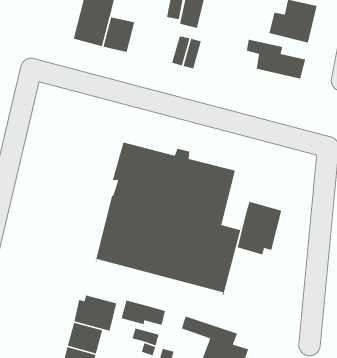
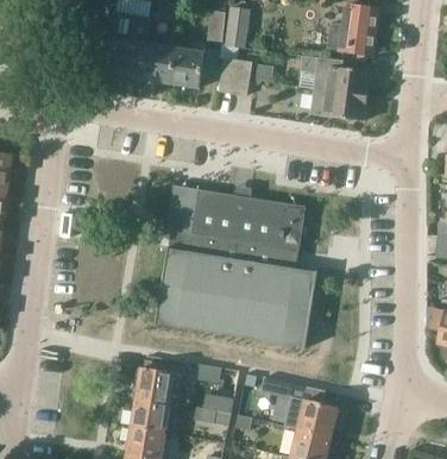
building: none -> [168,43,204,89]
building: none -> [311,89,367,121]
building: [237,201,282,255] -> none

